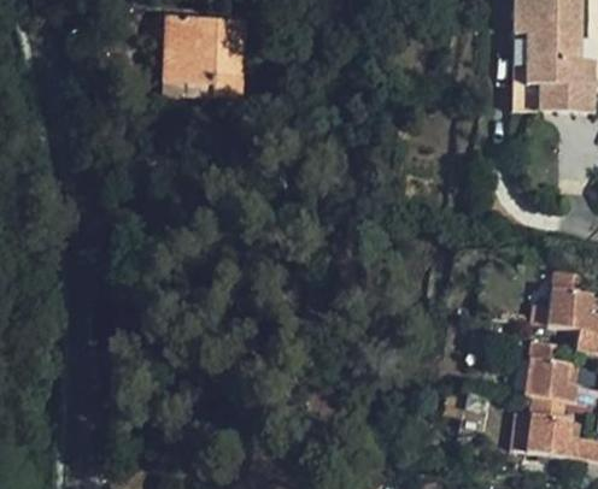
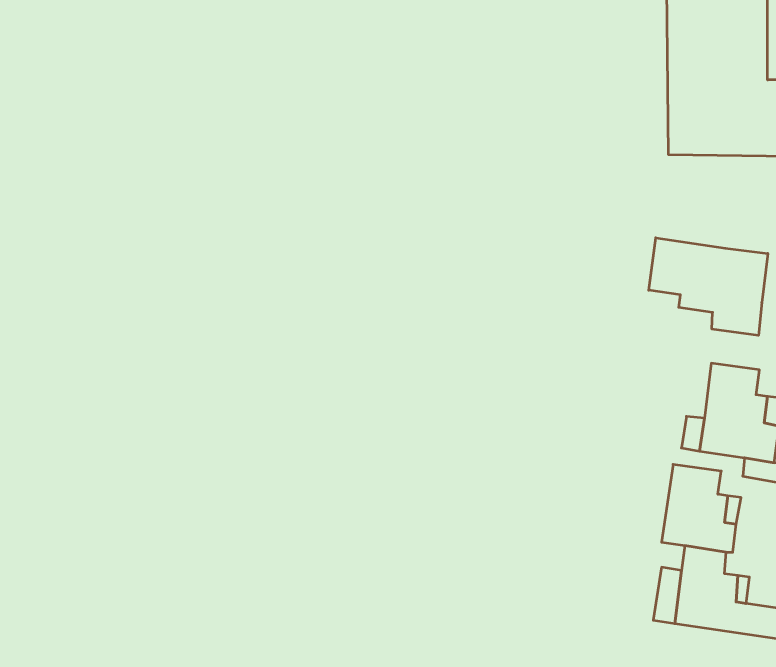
building: [164,16,246,99] -> none
building: none -> [649,238,768,335]

